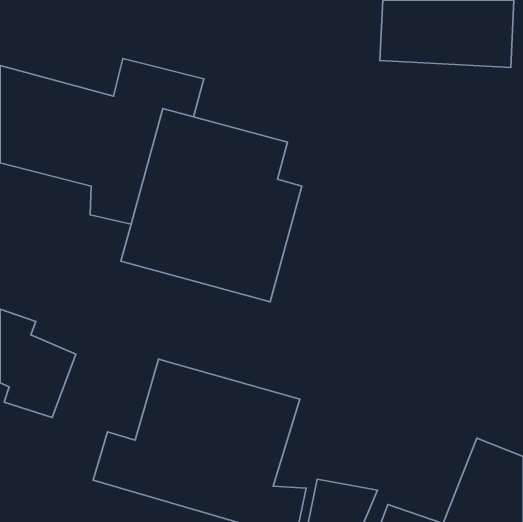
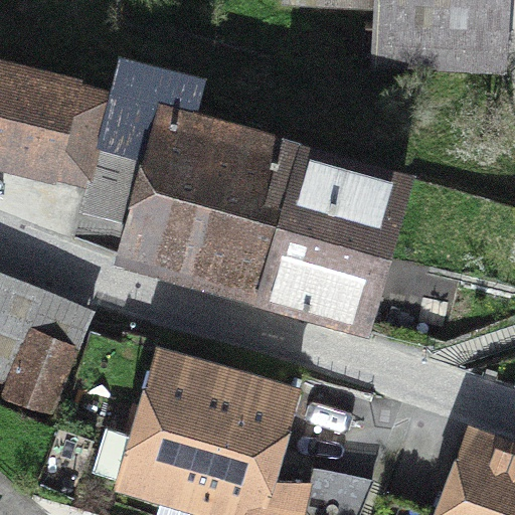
building: none -> [266,141,403,324]

